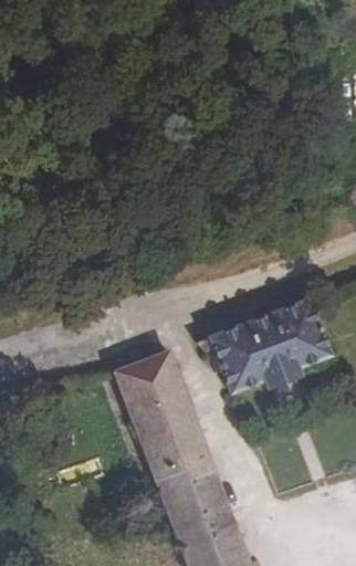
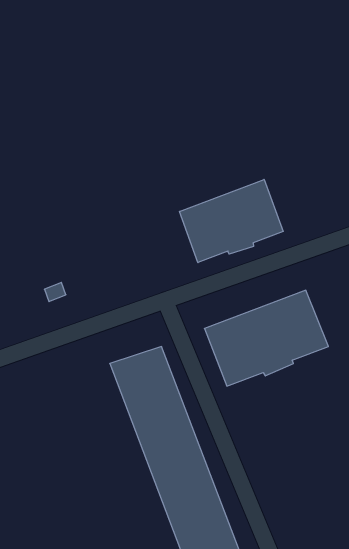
building: none -> [180,179,283,263]

